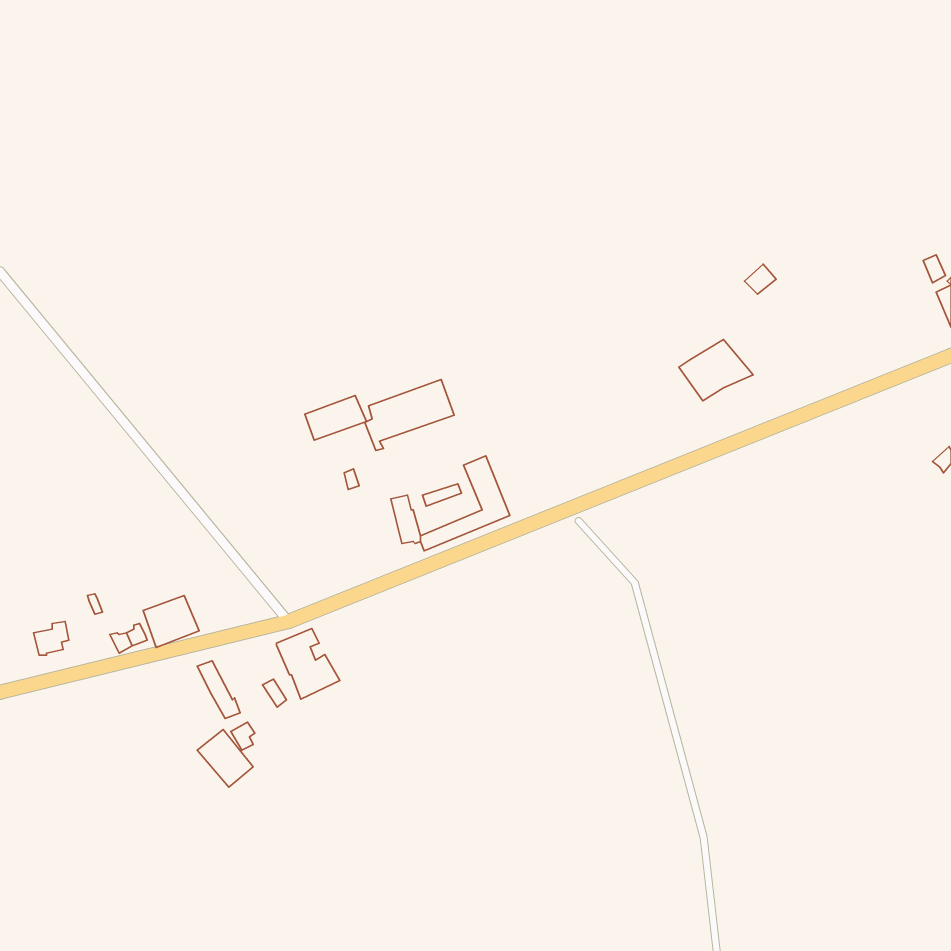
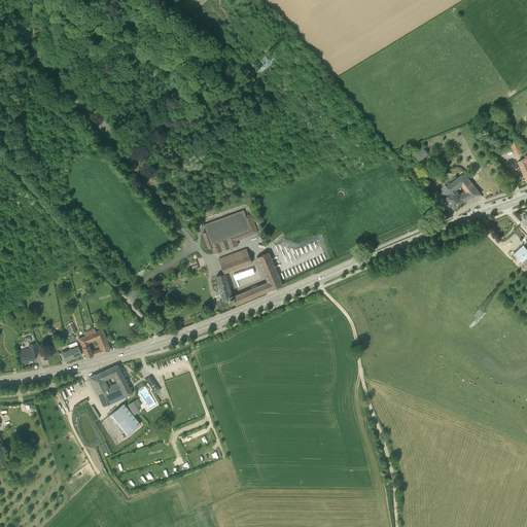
building: [679,339,753,401] -> [440,174,481,208]
building: [305,396,366,440] -> [218,249,252,274]
building: [277,628,340,699] -> [90,368,125,408]

